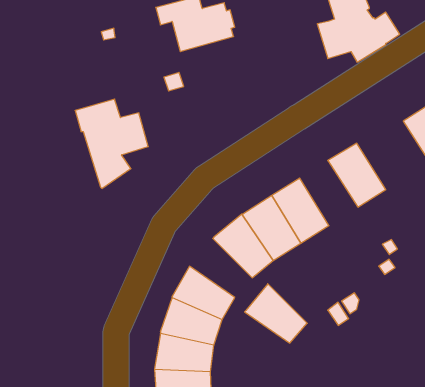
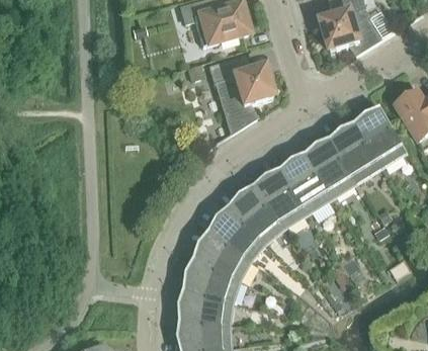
building: [75,99,148,188] -> [207,56,271,134]
building: none -> [355,109,408,166]
building: none -> [306,141,356,197]
building: [245,284,307,343] -> [209,208,264,260]

